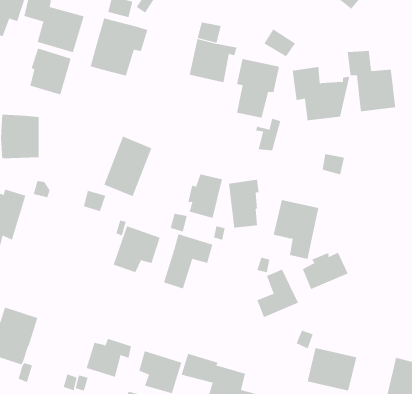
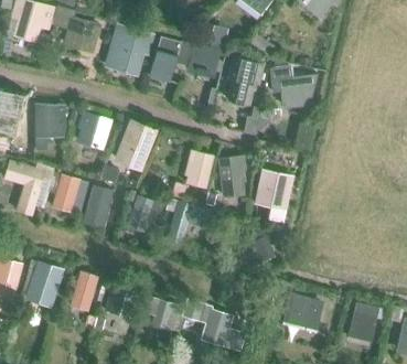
building: none -> [151,35,191,79]
building: [29,48,72,95] -> [77,110,111,149]
building: [347,50,396,112] -> none
building: none -> [51,174,79,213]
building: none -> [84,185,113,226]
building: [302,252,348,290] -> none
building: none -> [69,271,98,311]

